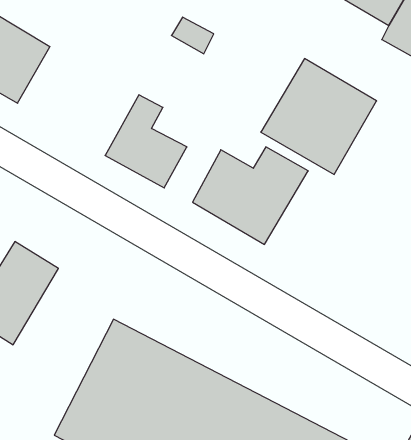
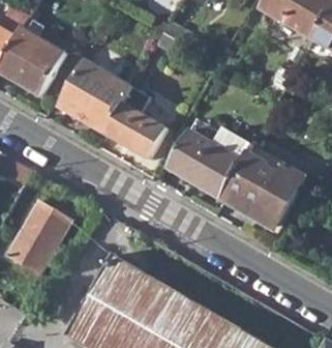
building: none -> [59,60,129,134]
building: [261,59,377,174] -> [220,145,305,230]

